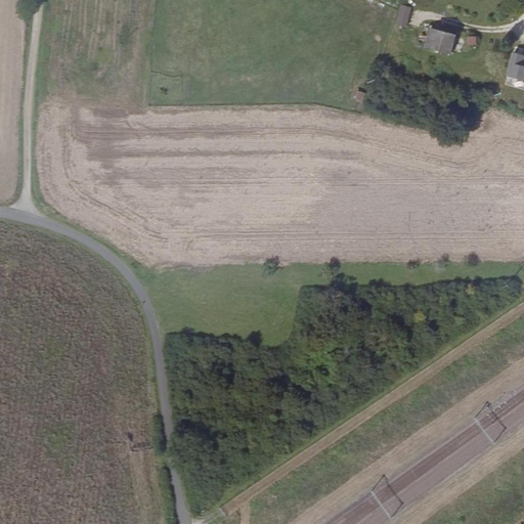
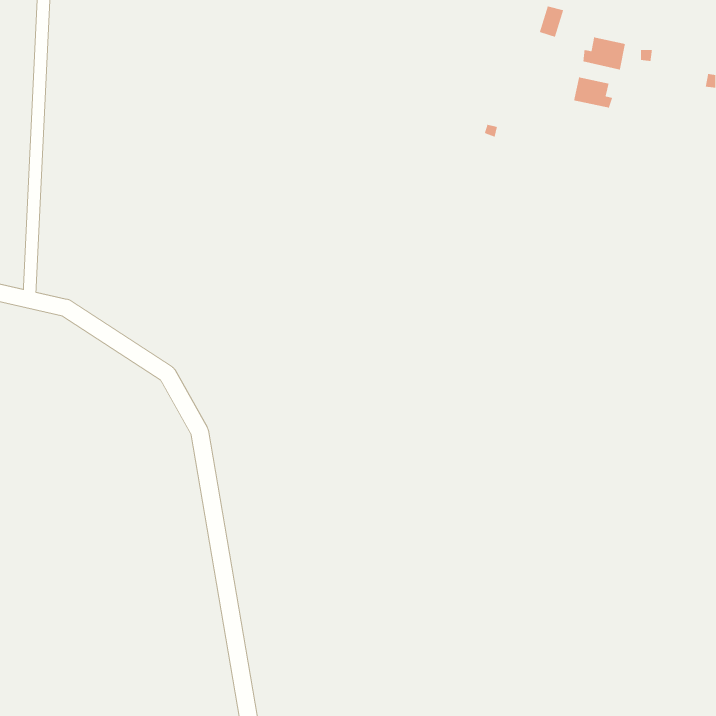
building: none -> [573,76,613,108]

